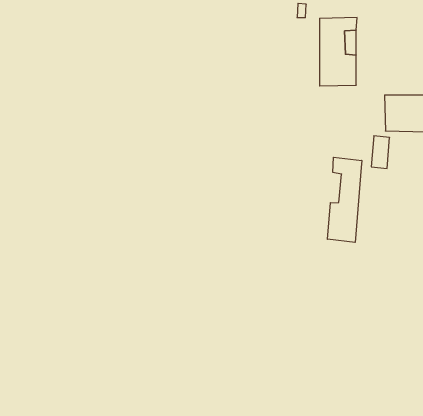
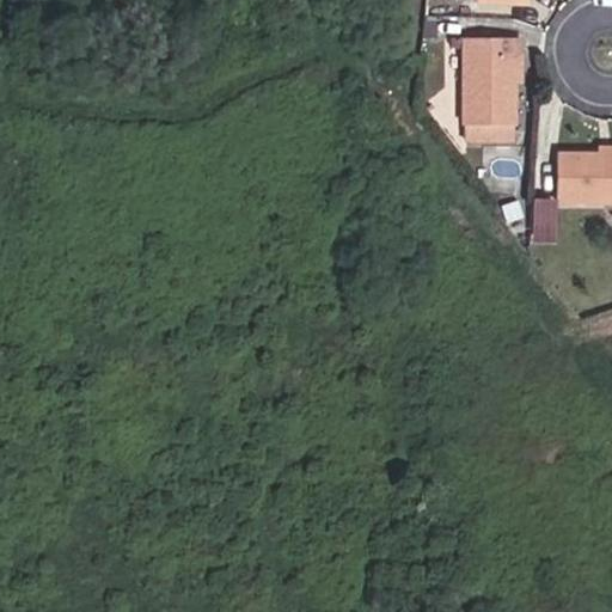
building: [327,157,362,242] -> none

